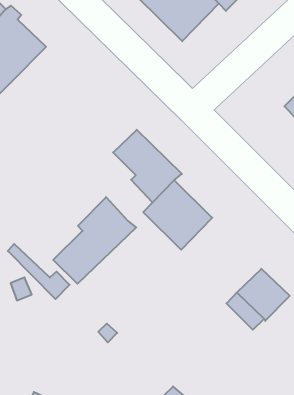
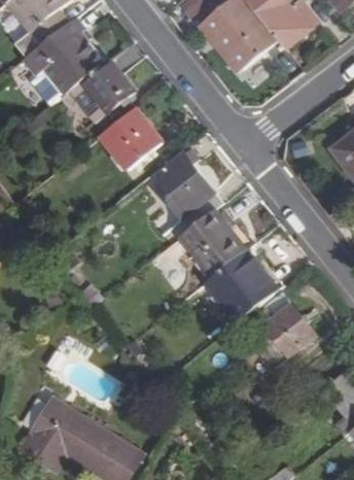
building: none -> [66,60,134,126]
building: none -> [101,108,162,170]
building: [53,197,136,284] -> none
building: none -> [207,249,279,321]

